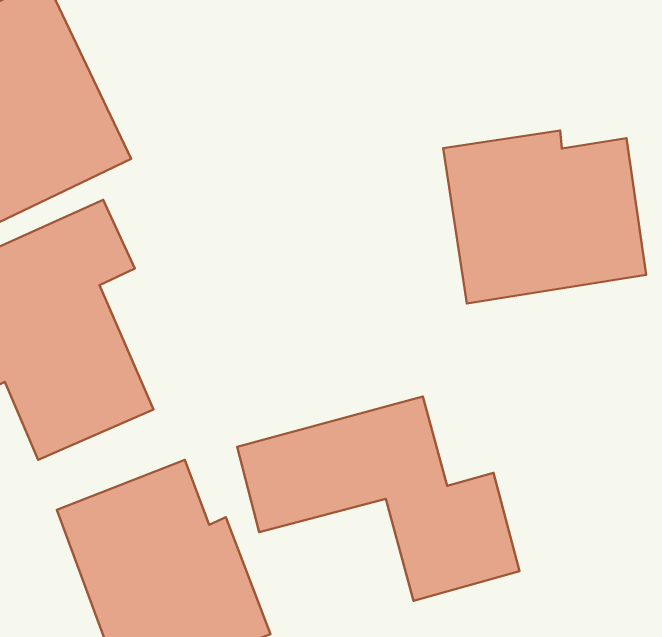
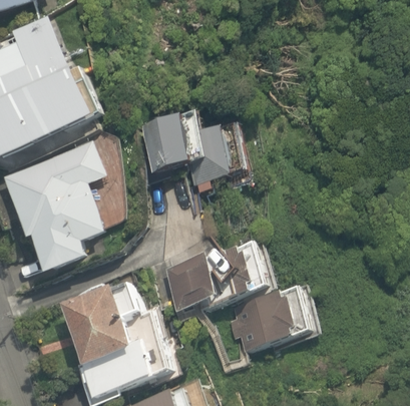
building: [443,130,646,304] -> none
building: none -> [139,113,249,189]

